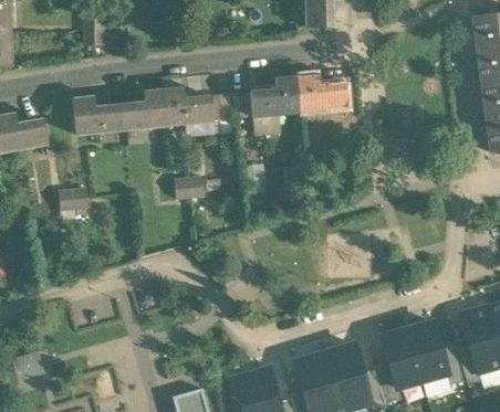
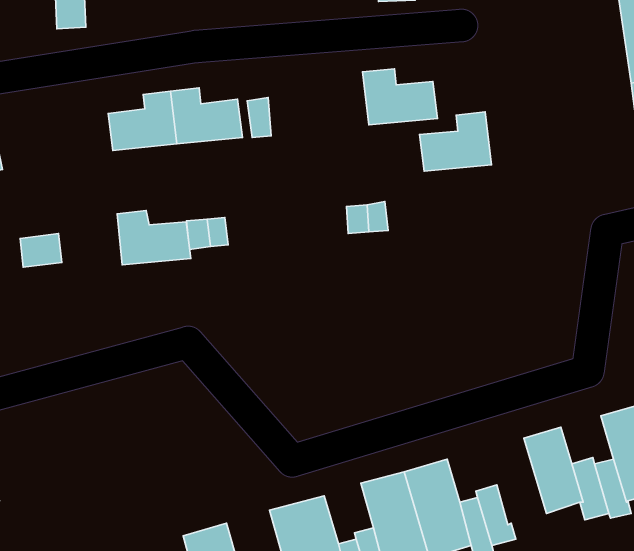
building: [250,76,300,117] -> [419,112,491,171]
building: [72,97,123,135] -> [117,210,191,265]
building: [382,329,423,389] -> none

